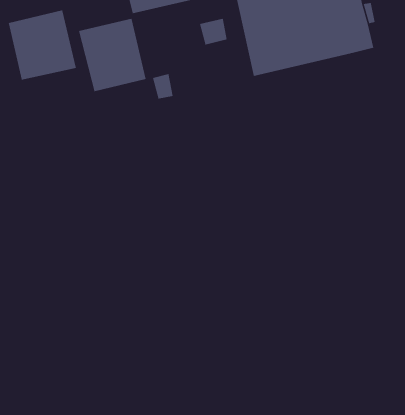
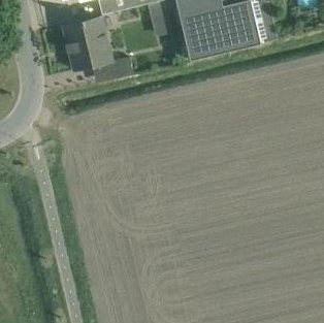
building: [8,9,77,80] -> none

